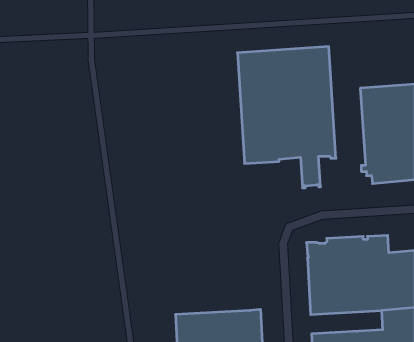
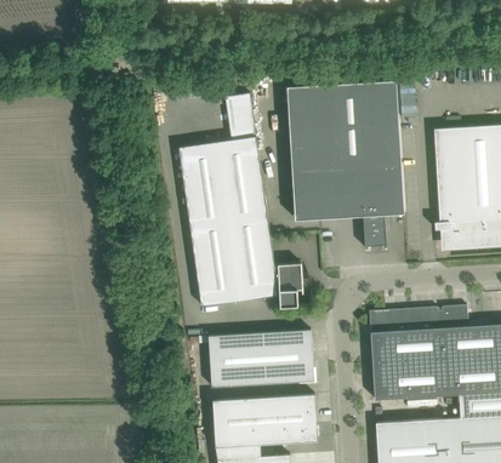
building: none -> [180,93,303,307]
building: none -> [209,330,314,387]

